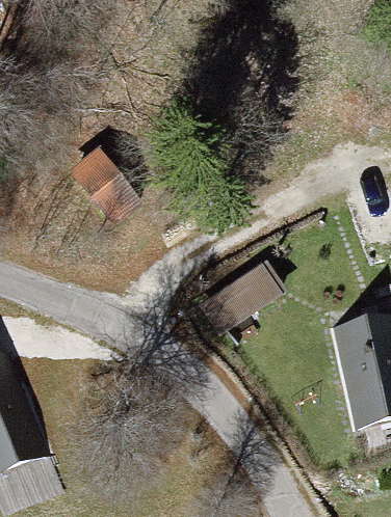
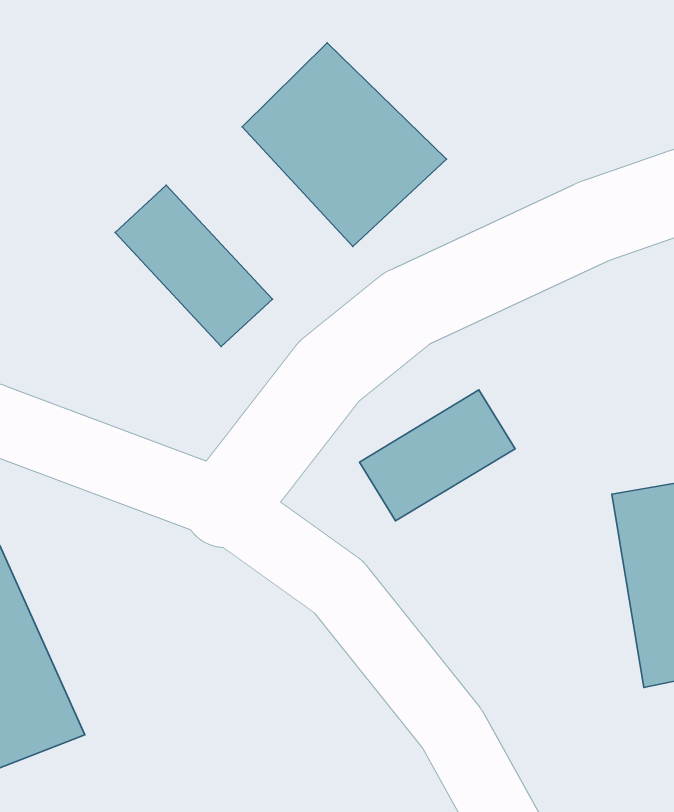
building: none -> [242,43,446,246]

